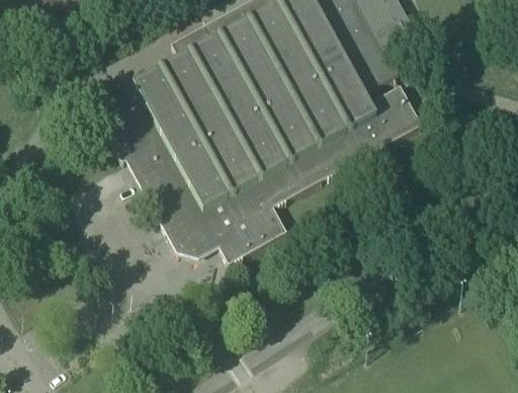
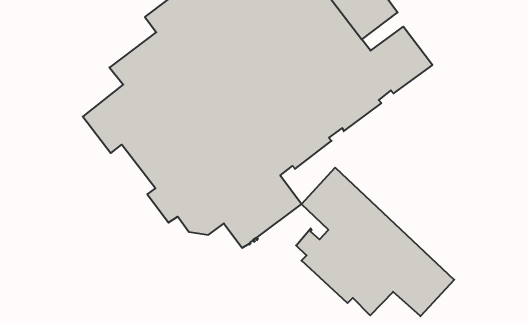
building: none -> [296,168,454,316]

